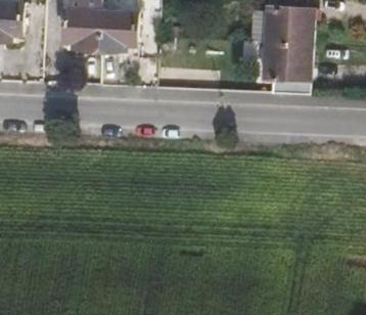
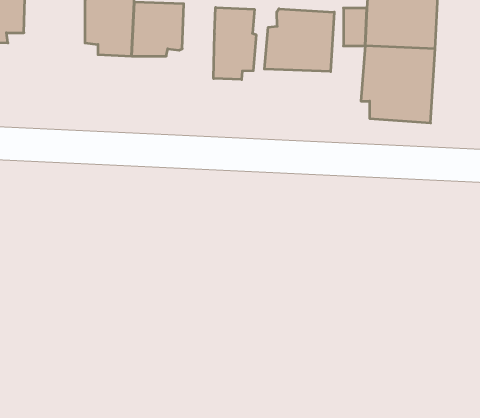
building: none -> [214,7,256,80]
building: none -> [264,9,334,72]

